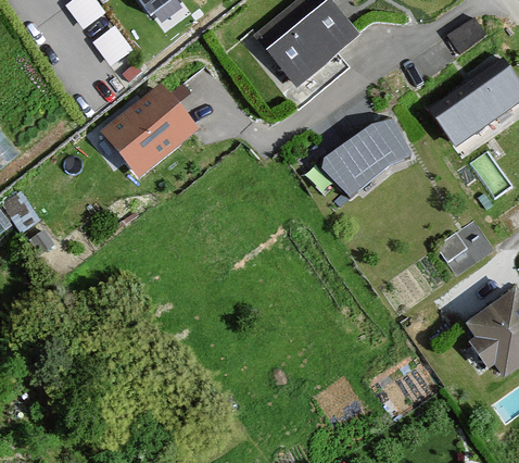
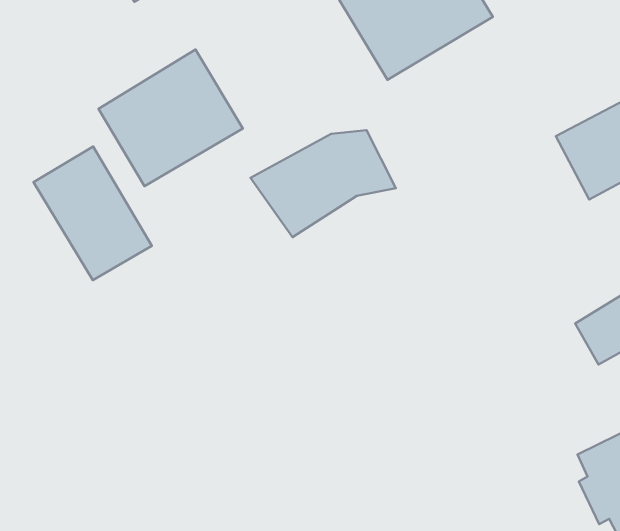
building: [318,121,418,200] -> [251,130,396,237]
building: none -> [33,147,152,280]

